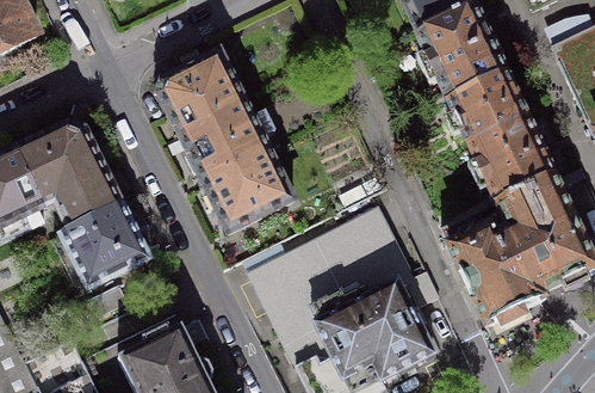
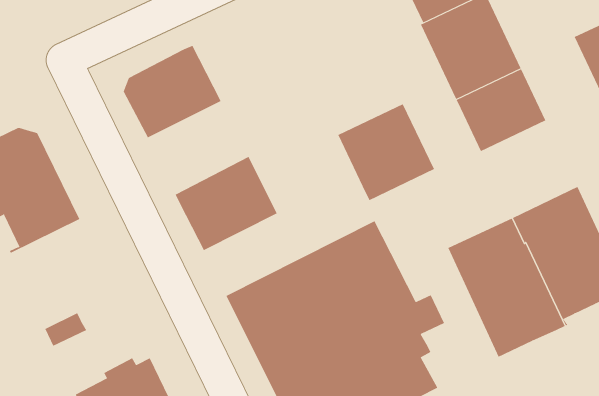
building: [180,102,268,183] -> none
building: [470,118,554,203] -> [338,103,435,201]
building: [61,204,148,289] -> none

